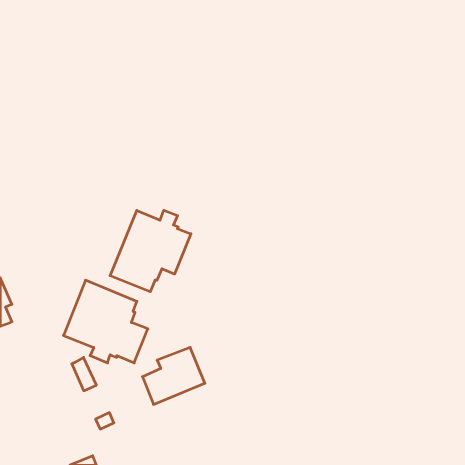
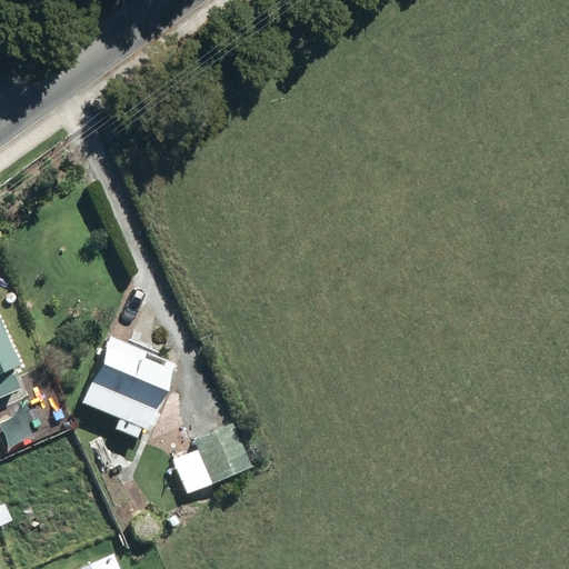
building: [110,210,191,292] -> none

